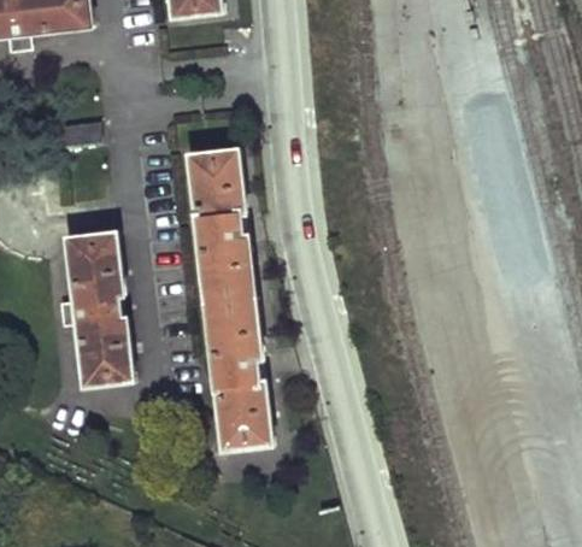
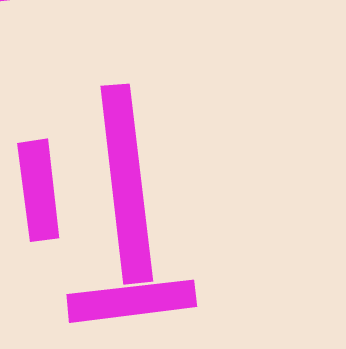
building: none -> [66,279,198,324]

